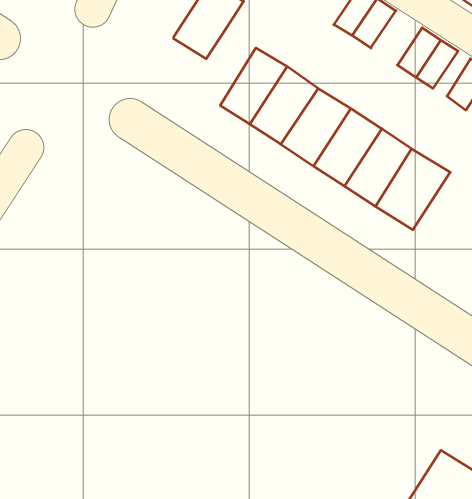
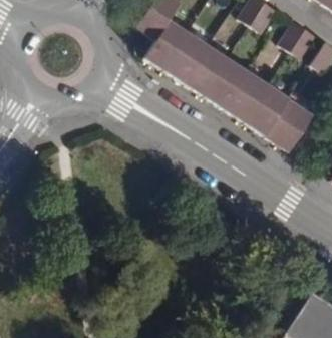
building: none -> [144,20,188,70]

